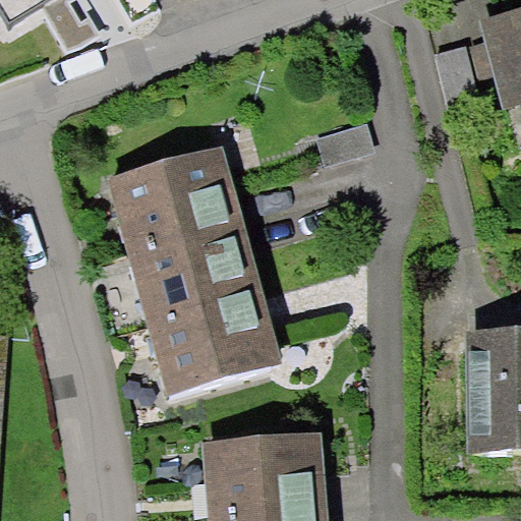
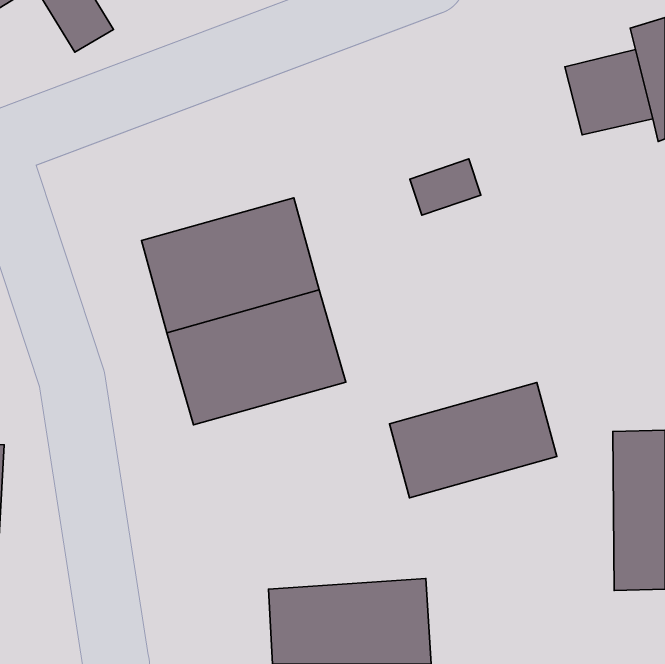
building: [148,291,284,393] -> none
building: none -> [390,383,557,498]

